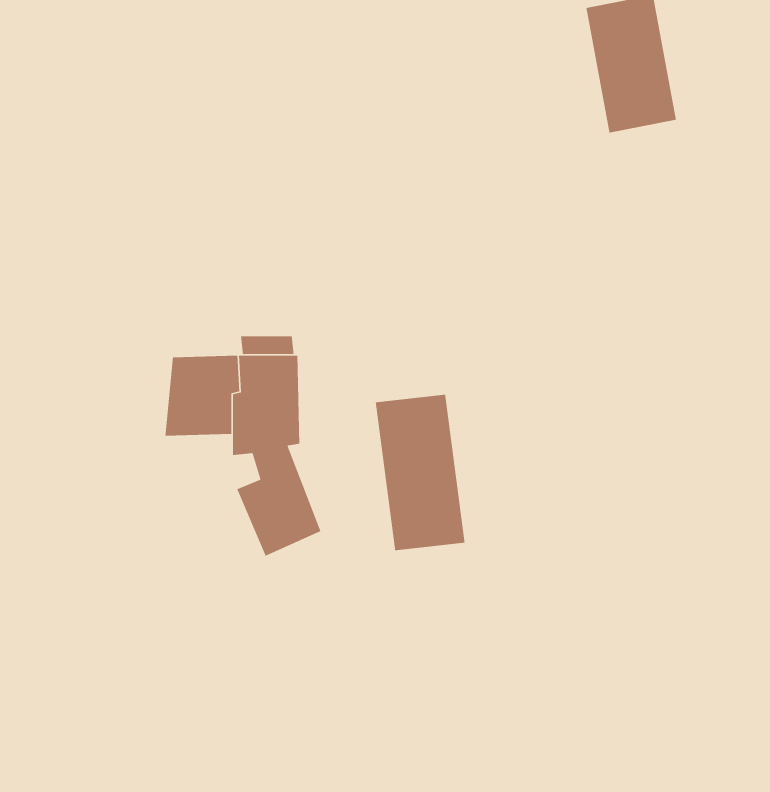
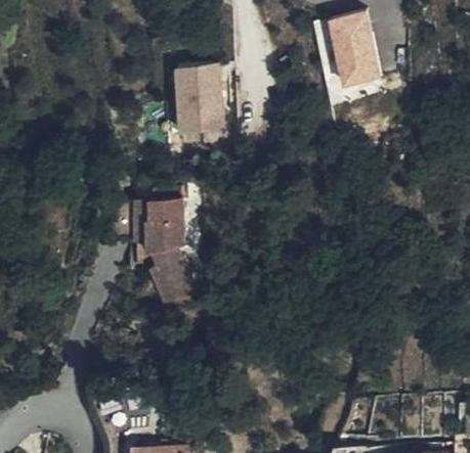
building: none -> [177,65,225,132]
building: [375,394,465,551] -> none

